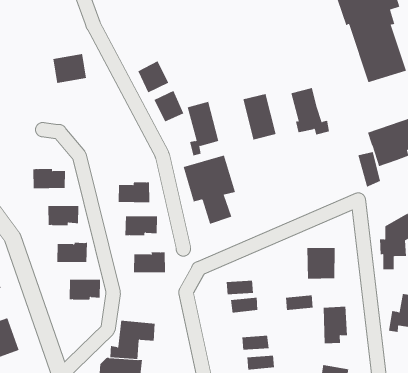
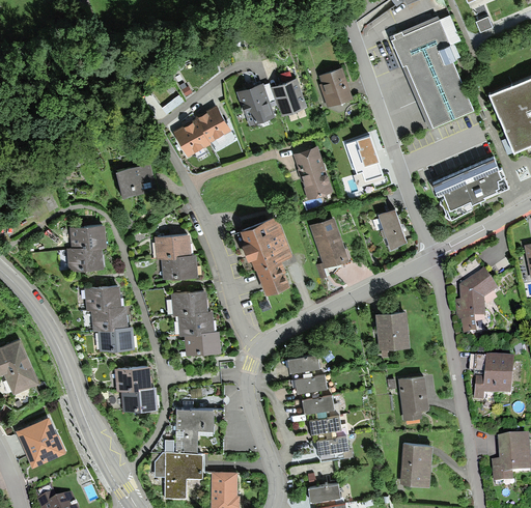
building: none -> [319,69,353,108]
building: none -> [270,79,306,115]
building: none -> [237,83,274,125]
building: [53,53,87,83] -> [117,162,157,197]
building: [153,90,184,122] -> [195,106,230,142]
building: [187,101,219,156] -> [310,217,348,279]
building: none -> [68,225,106,249]
building: [358,152,381,187] -> [378,208,406,249]
building: none -> [153,233,192,259]
building: none -> [90,305,128,331]
building: none -> [177,310,214,336]
building: [285,295,313,311] -> [303,394,335,414]
building: none -> [119,386,158,411]

